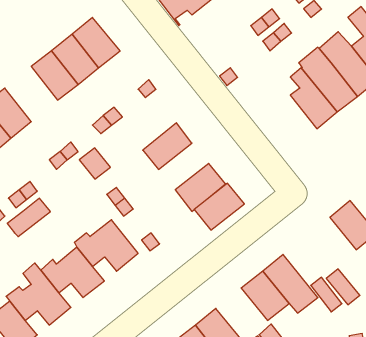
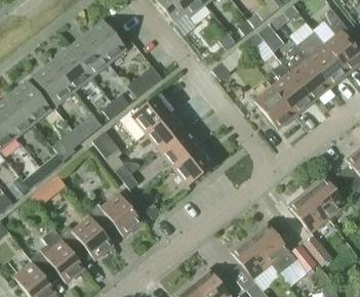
building: none -> [32,61,73,105]
building: none -> [254,86,294,129]
building: none -> [131,92,174,133]
building: [194,183,244,230] -> [159,127,202,167]
building: none -> [287,190,328,232]

